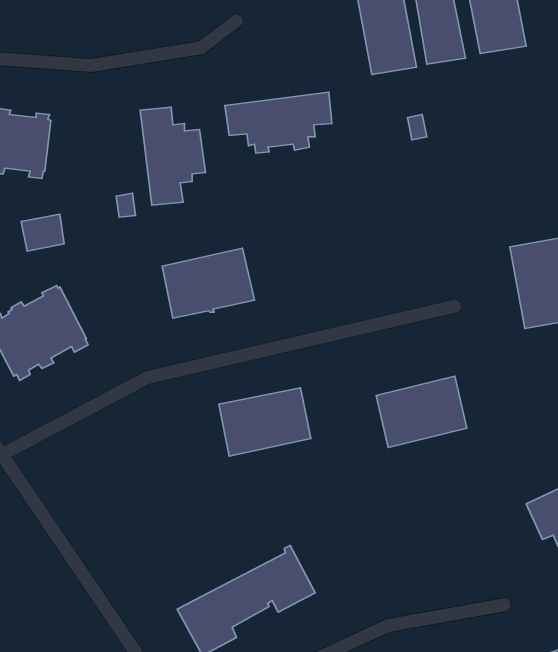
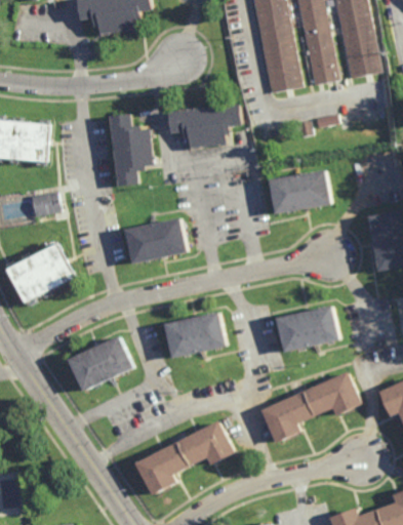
building: none -> [272,166,329,212]
building: none -> [69,334,135,391]
building: none -> [259,369,360,443]

